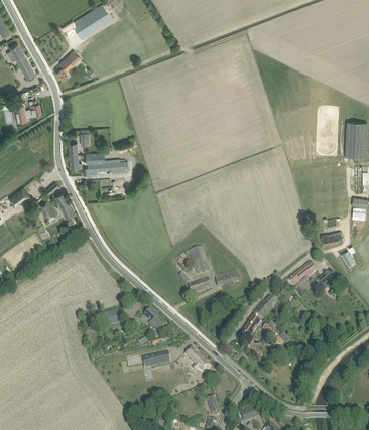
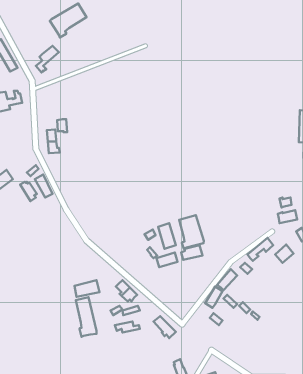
building: [85,153,127,175] -> none
building: none -> [179,215,204,249]
building: none -> [76,297,97,337]

